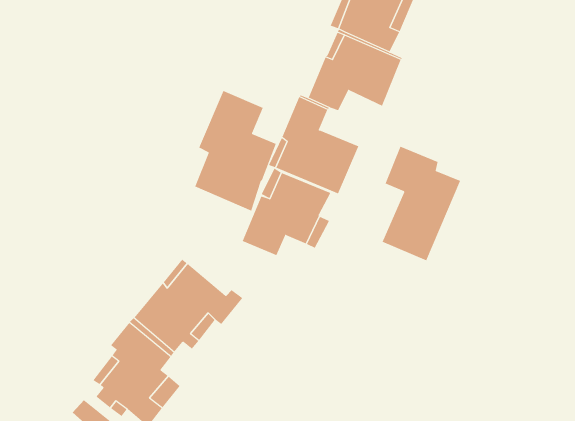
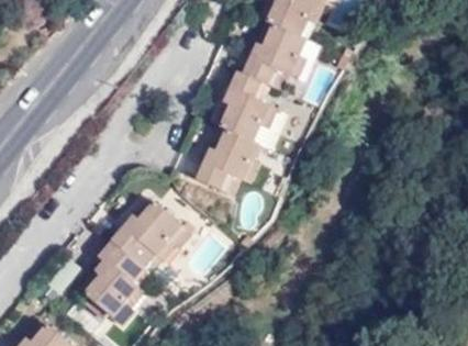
building: [194,90,276,211] -> none
building: [382,146,461,261] -> none

